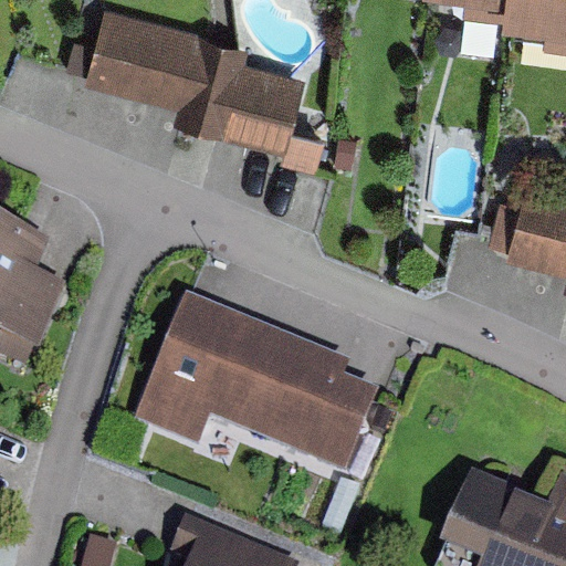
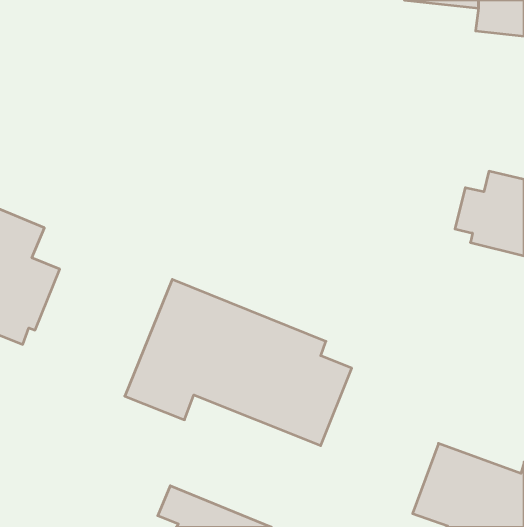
building: [85,8,306,147] -> none

